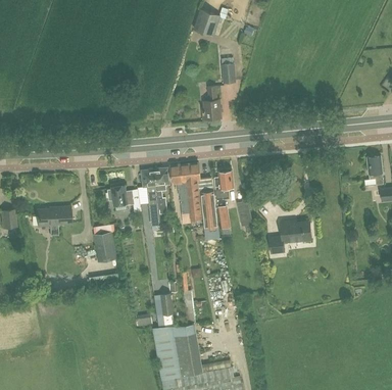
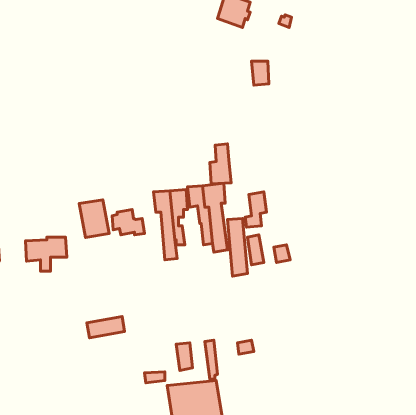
building: [203,86,220,118] -> [210,144,231,184]
building: [270,221,311,252] -> none
building: [92,231,116,261] -> [79,200,109,237]

